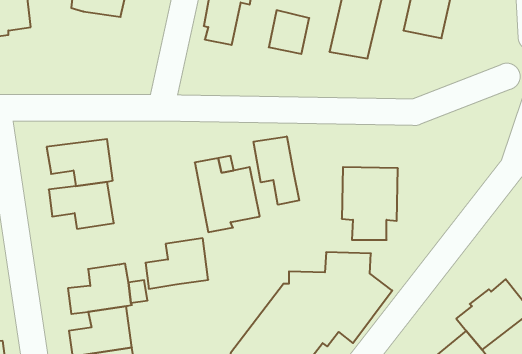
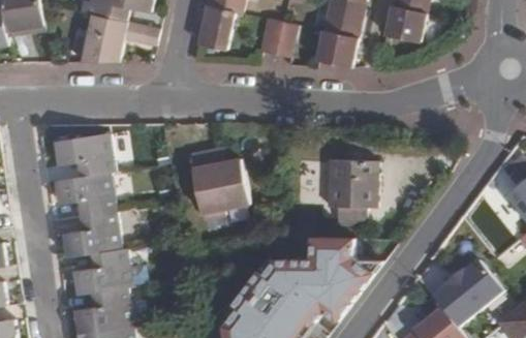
building: none -> [78,16,155,63]
building: [254,136,299,205] -> none
building: [145,238,208,289] -> [64,211,122,257]

